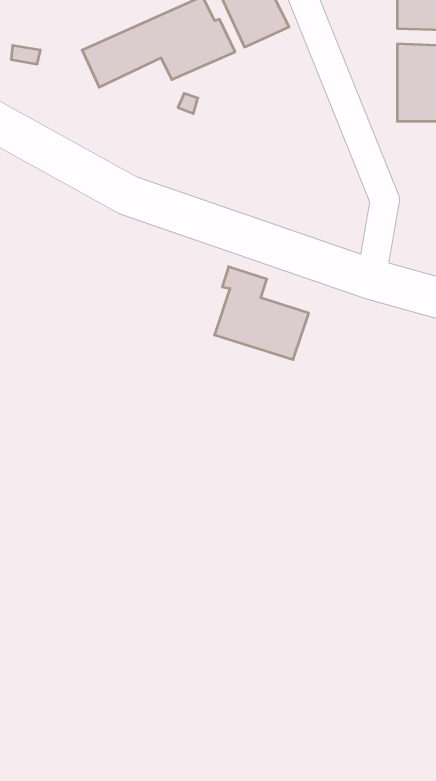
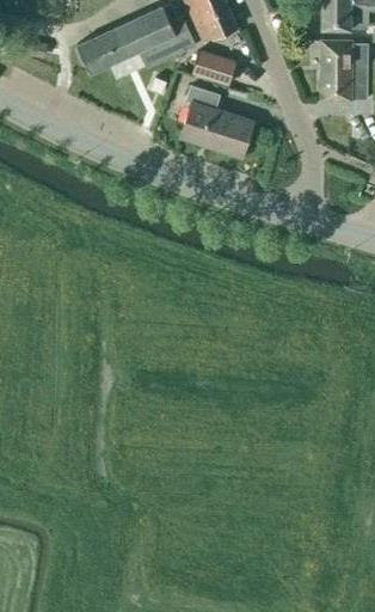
building: none -> [179,53,232,84]
building: [214,267,309,360] -> [182,85,254,157]

